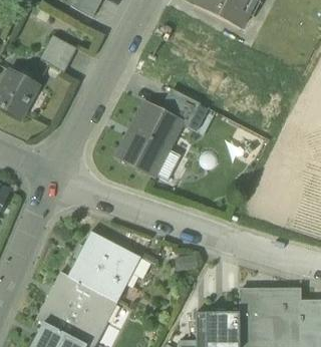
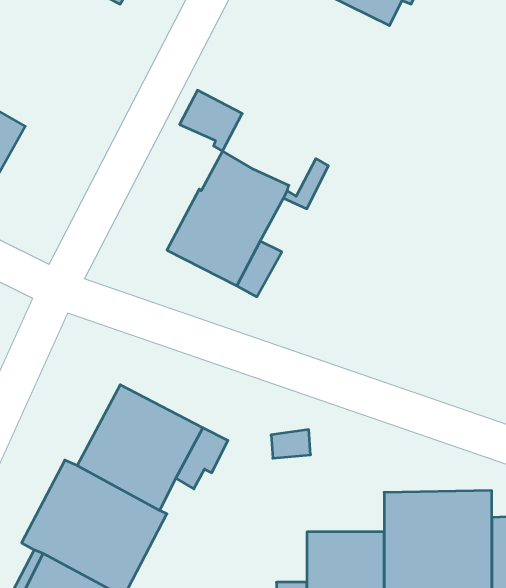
building: [41,33,76,68] -> none
building: [165,90,200,124] -> [180,90,242,151]

